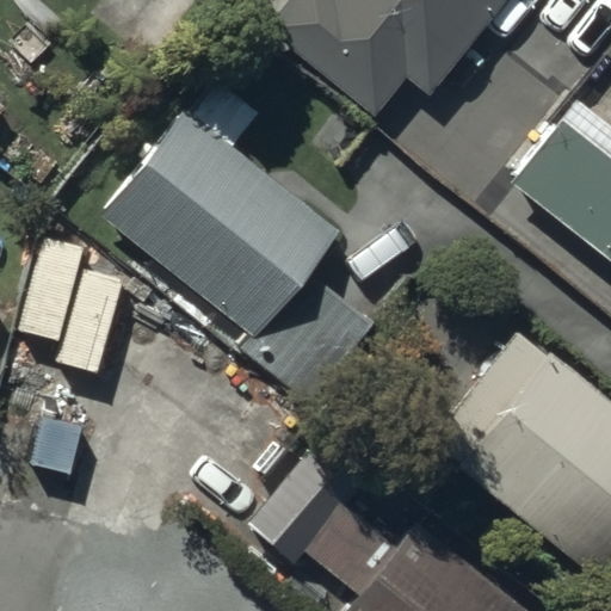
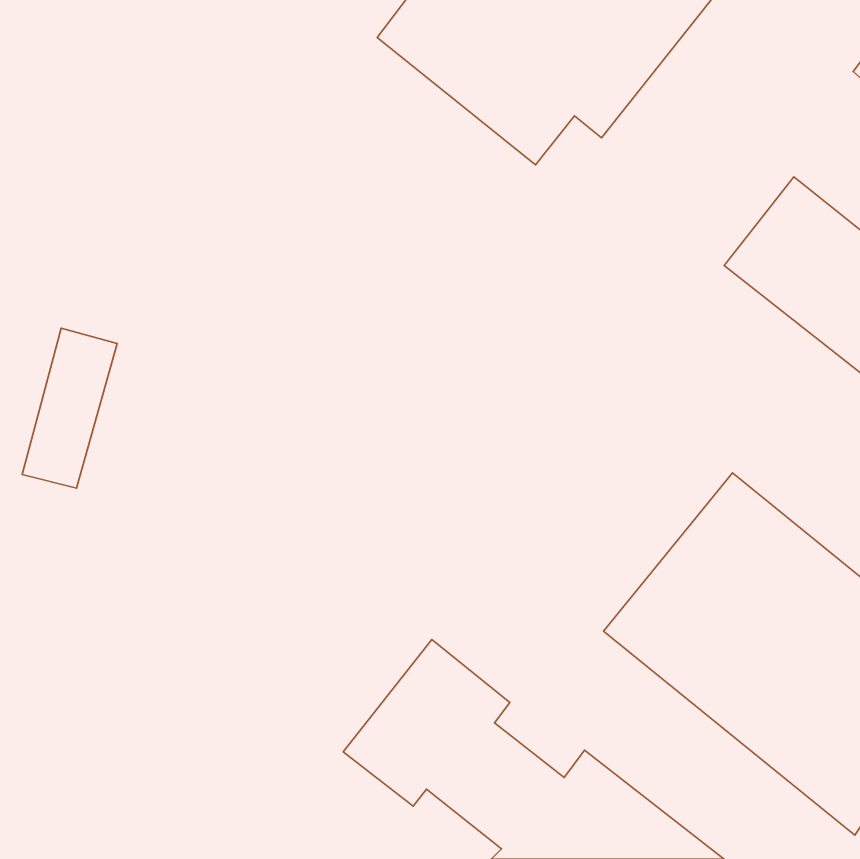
building: [104,78,338,337] -> none

